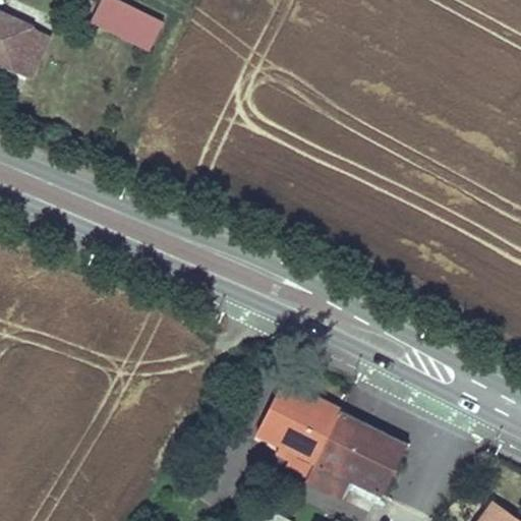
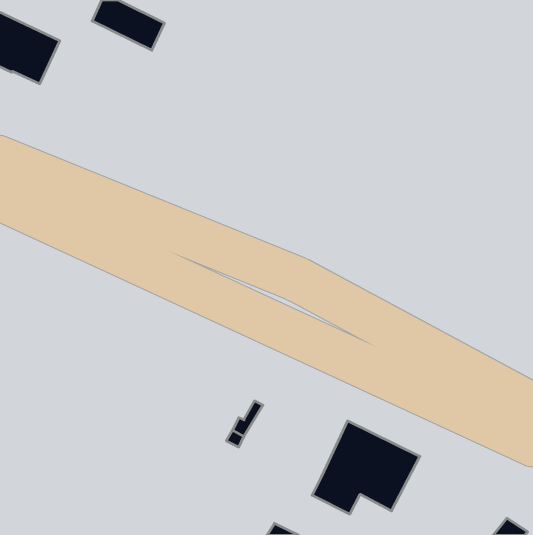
building: [254,382,338,478] -> none

